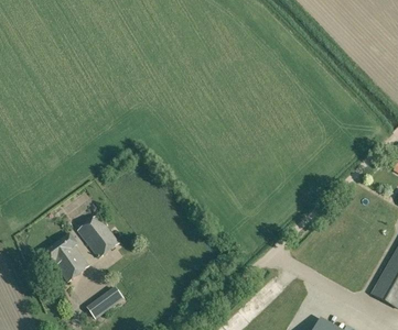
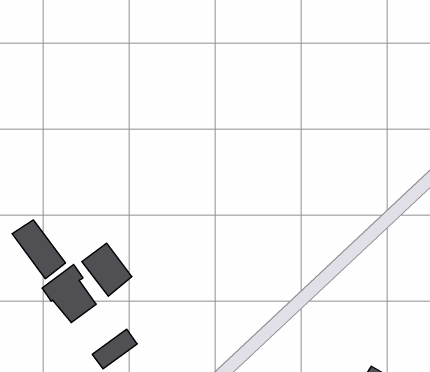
building: none -> [12,220,65,279]

